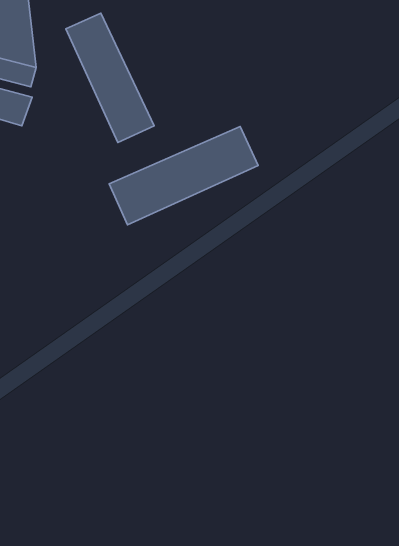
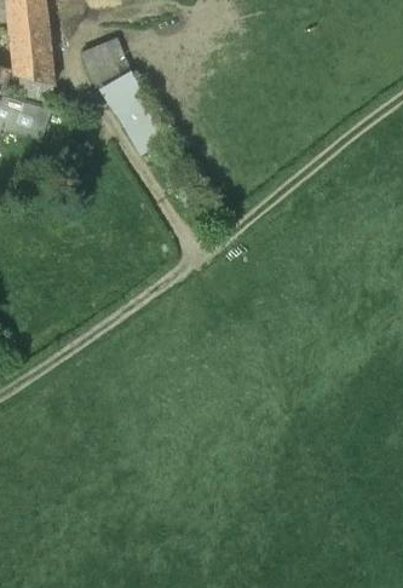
building: [109,126,258,225] -> none

